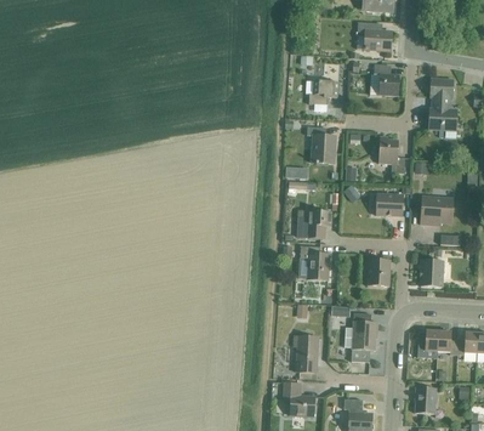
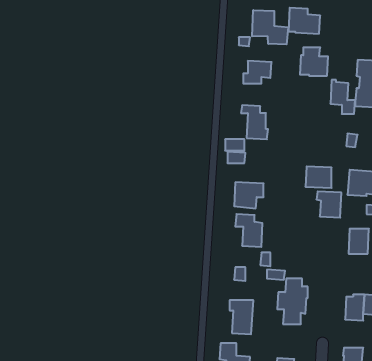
building: none -> [252,10,288,44]
building: [378,137,405,174] -> [330,80,355,114]
building: [363,259,389,287] -> [316,191,341,218]

